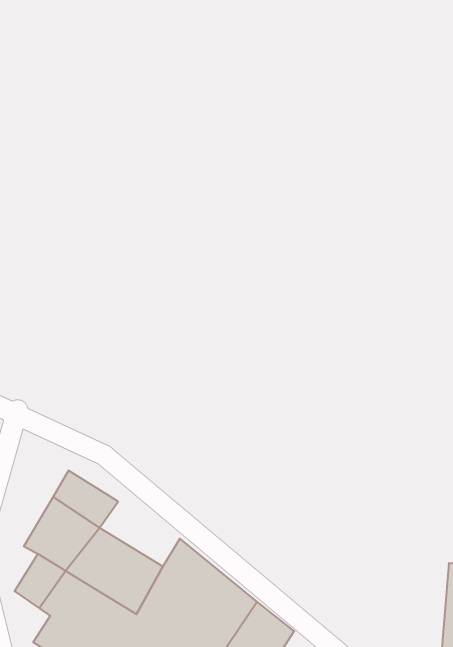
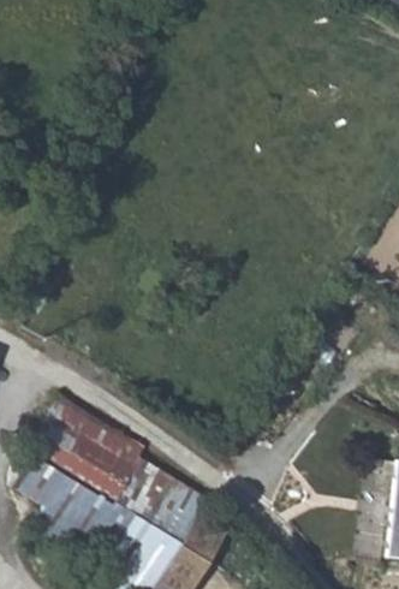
building: none -> [88,420,150,470]

